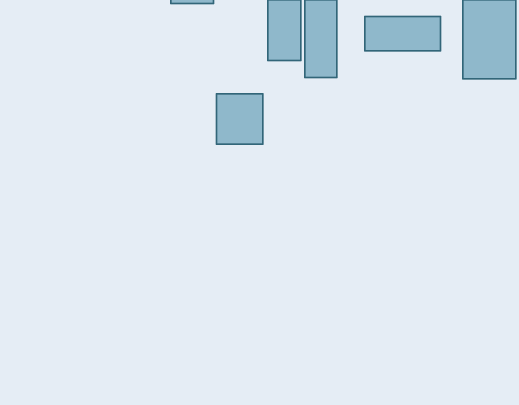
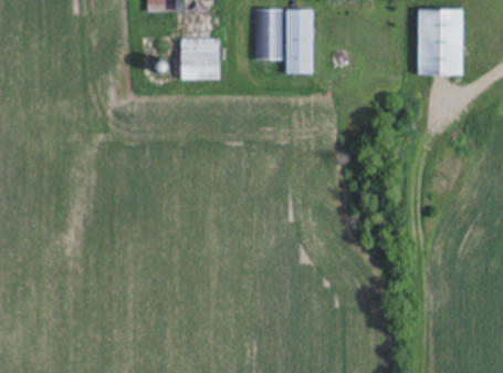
building: [365,17,440,51] -> none
building: [216,94,263,144] -> [181,38,220,80]

